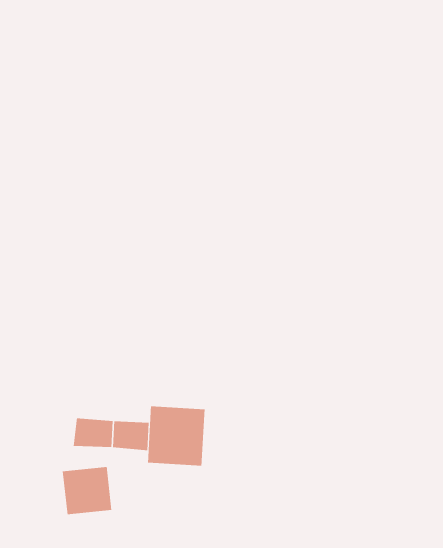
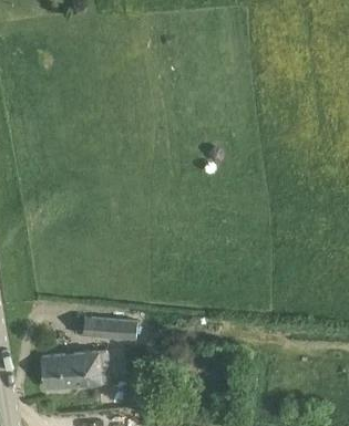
building: [147,406,205,467] -> none
building: none -> [42,355,79,389]

